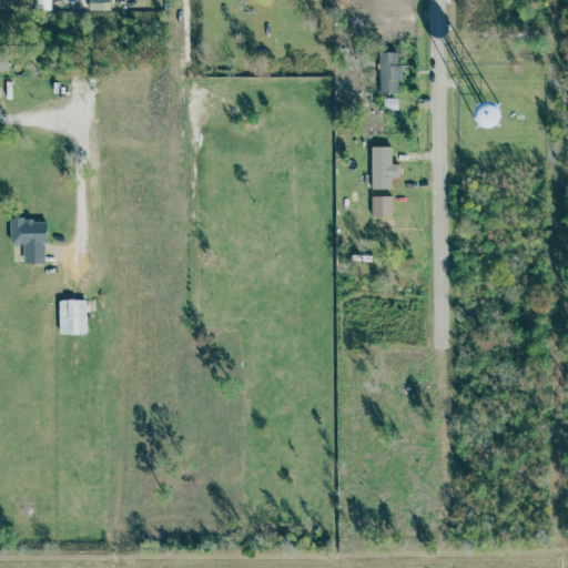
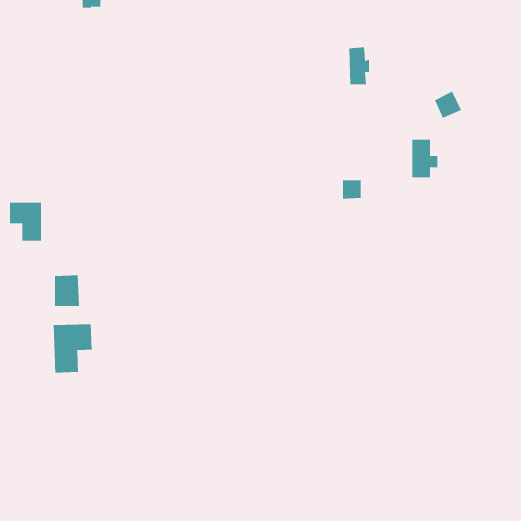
building: [372,145,400,187] -> [412,139,438,178]
building: none -> [53,323,92,373]

